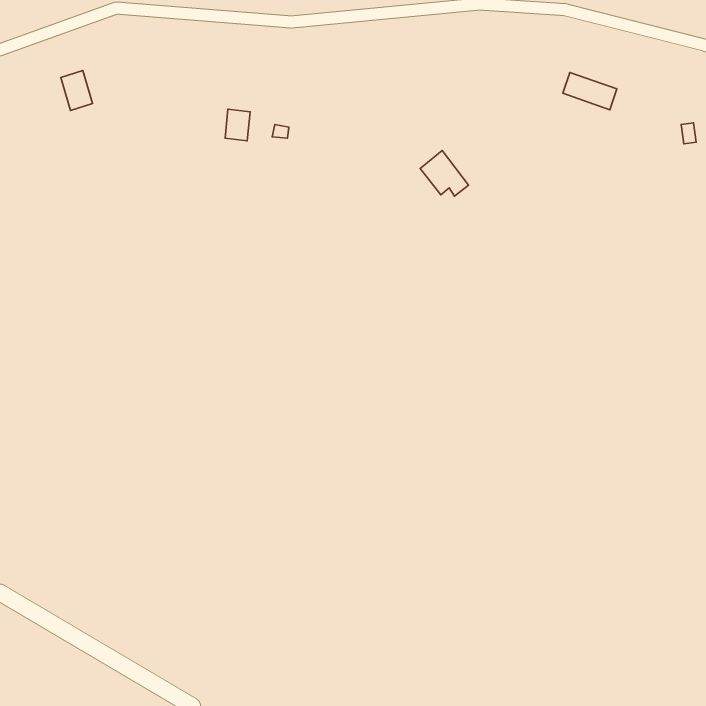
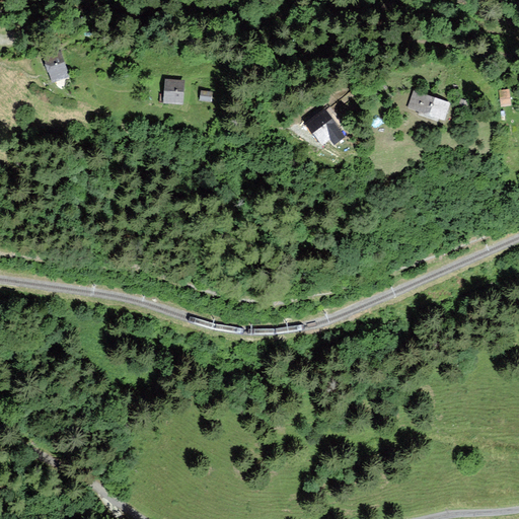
building: [563,72,617,110] -> [410,91,449,119]

